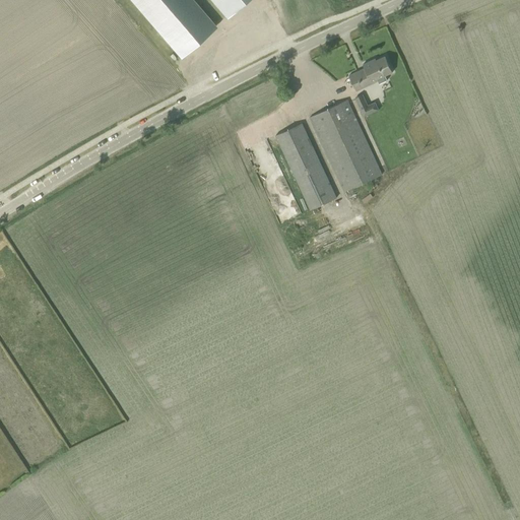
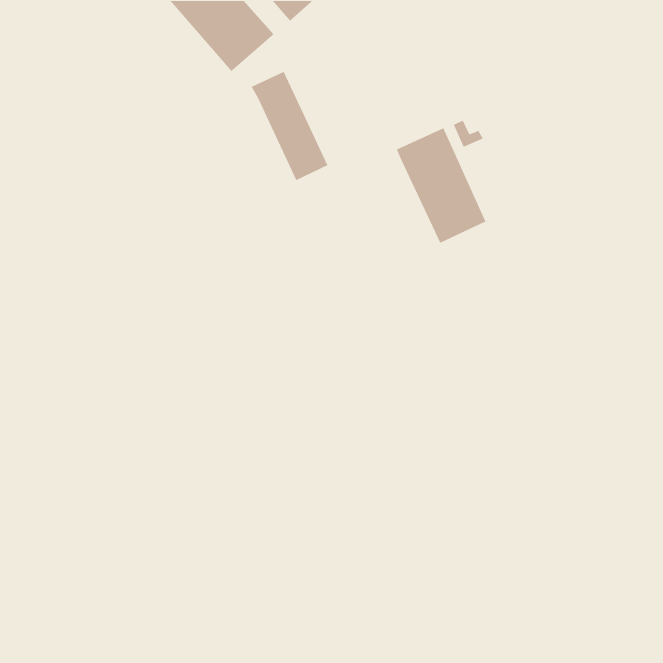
building: [349,56,392,91] -> none
building: [275,123,336,209] -> [251,71,328,181]

